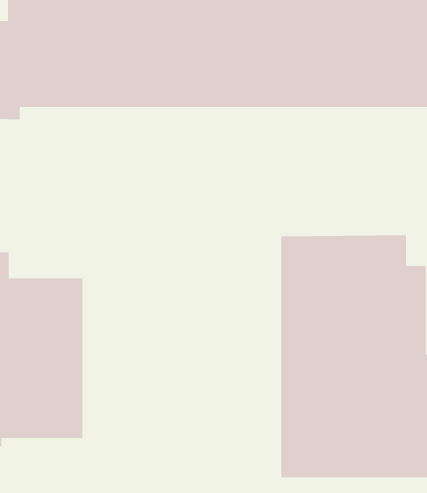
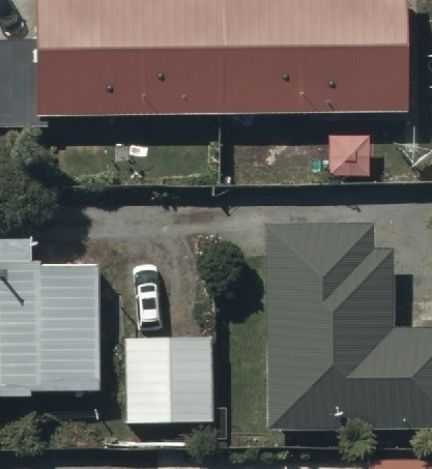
building: none -> [124,336,208,422]

